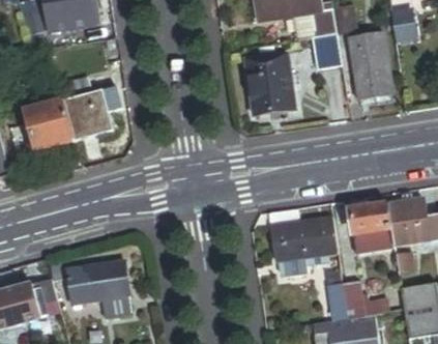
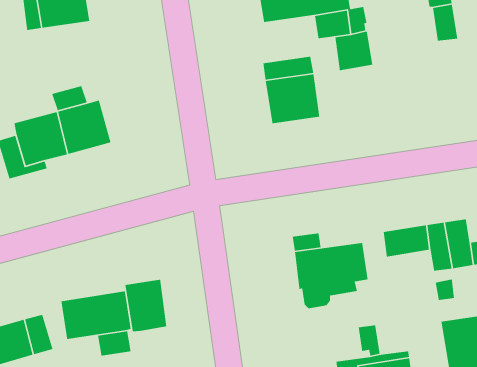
building: [349,32,392,98] -> none
building: [353,225,395,252] -> none
building: none -> [125,279,167,332]
building: [343,282,389,316] -> none

